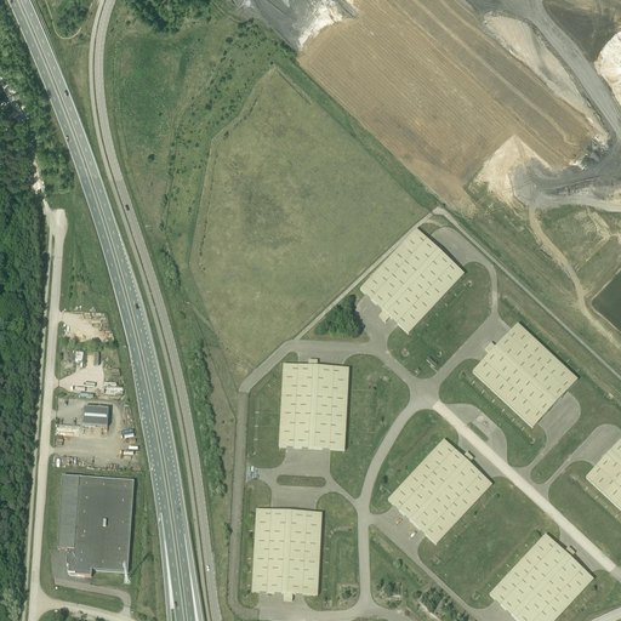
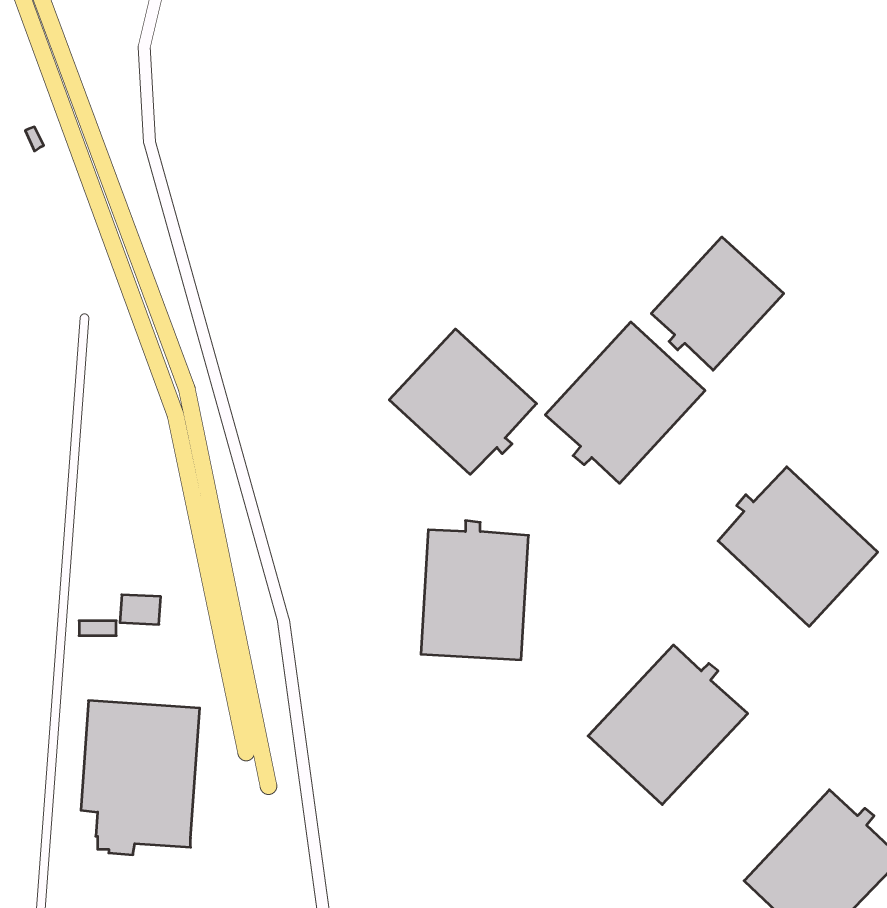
building: none -> [651,237,784,370]
building: none -> [389,329,537,474]
building: [252,508,323,599] -> none

